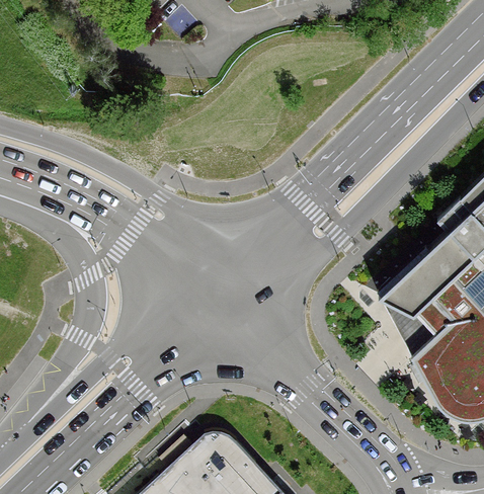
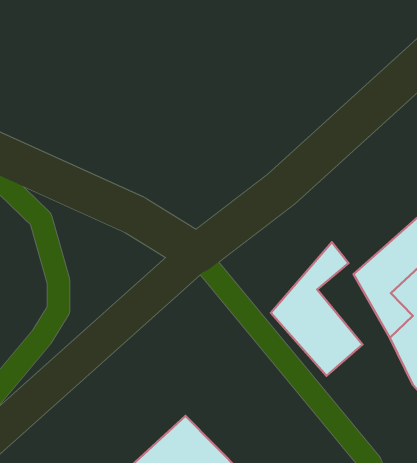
building: none -> [271,242,363,376]

